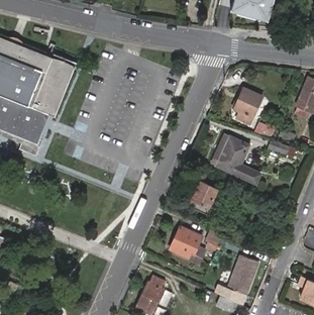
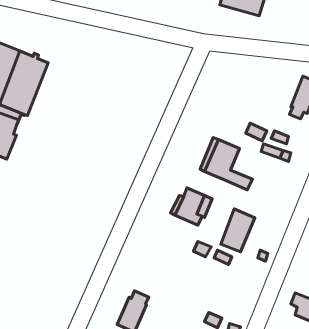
building: [235,89,263,124] -> none
building: [171,225,202,256] -> none
building: [228,254,259,294] -> [221,209,255,252]

